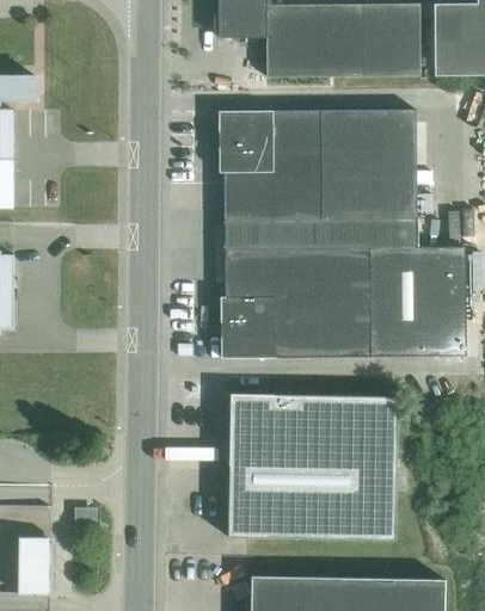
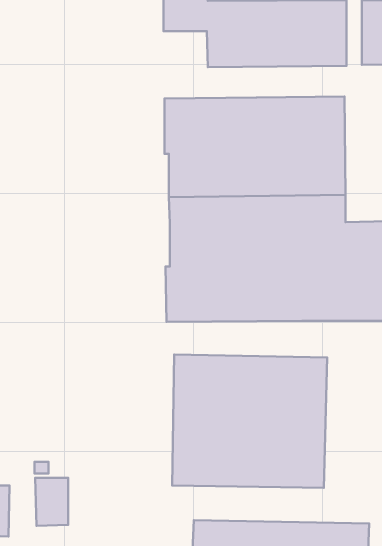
building: none -> [35,478,68,526]

